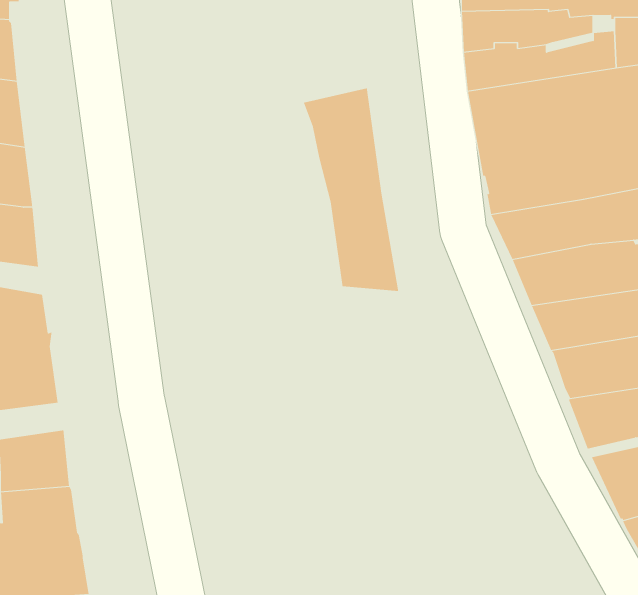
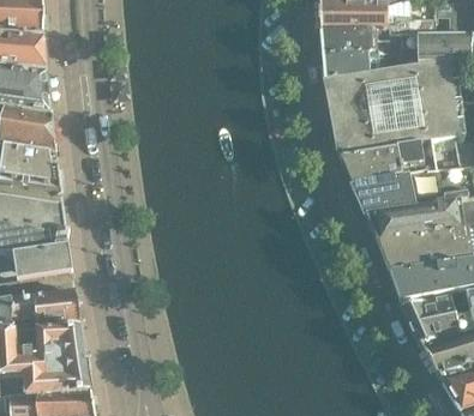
building: [303,88,399,292] -> none

